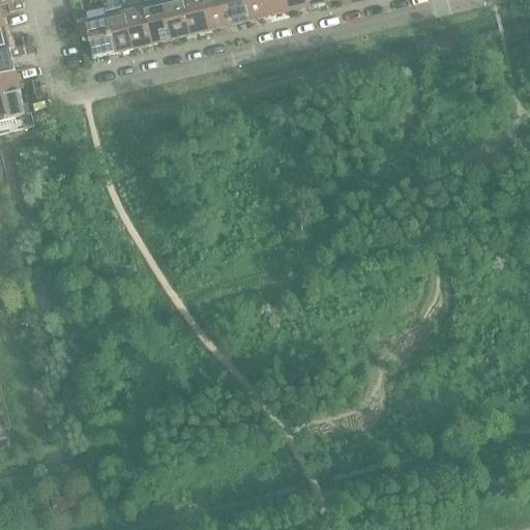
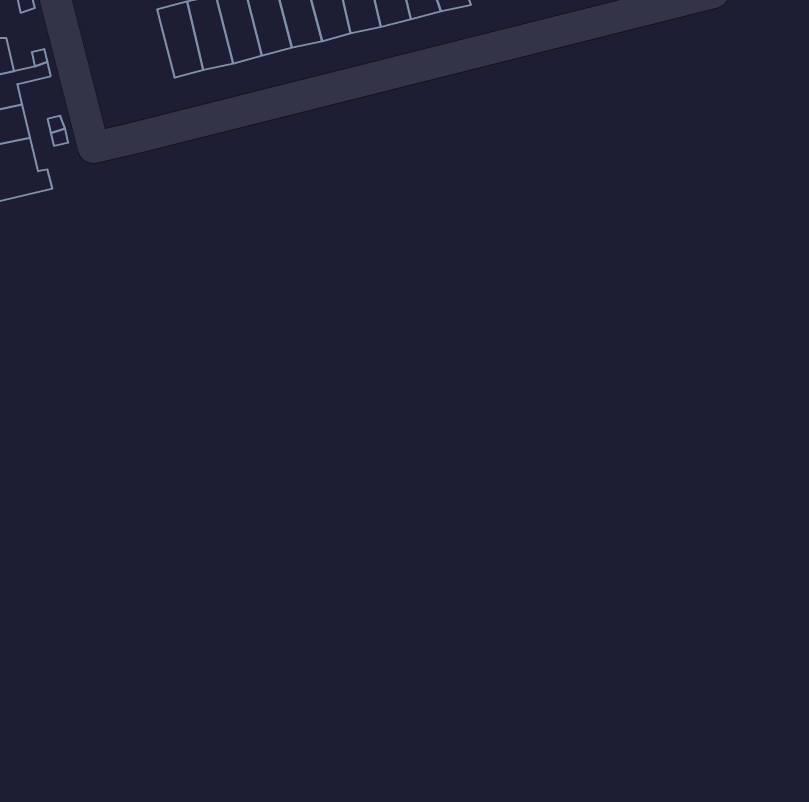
building: [77,14,114,56] -> none

